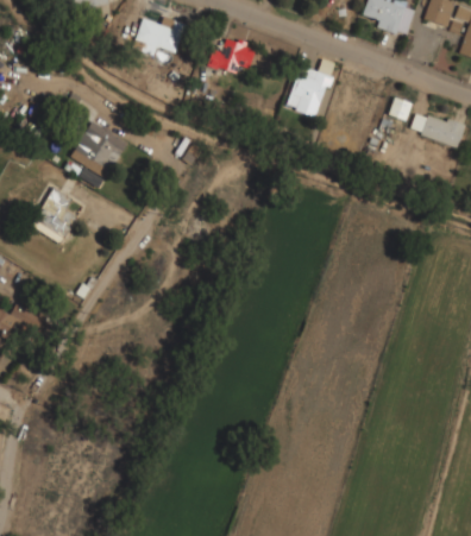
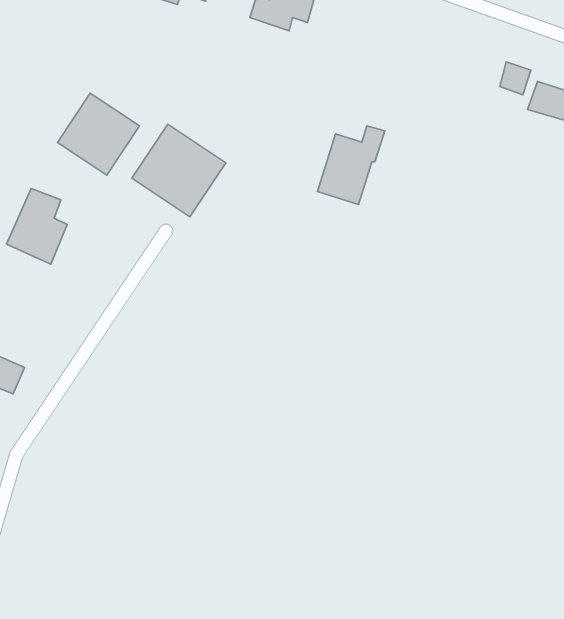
building: [287,58,335,115] -> [317,126,385,205]
building: none -> [132,124,226,217]

